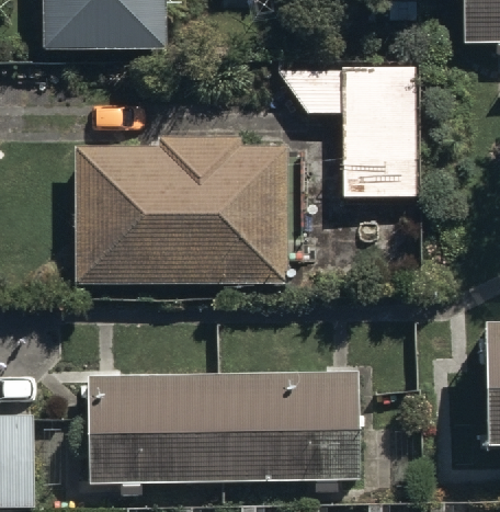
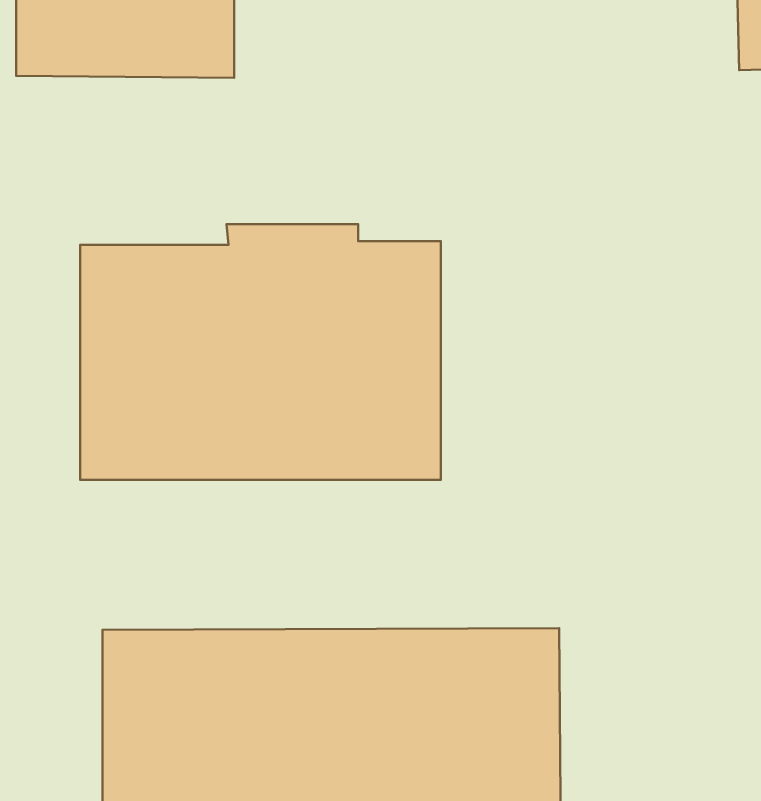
building: [281,60,416,196] -> none

